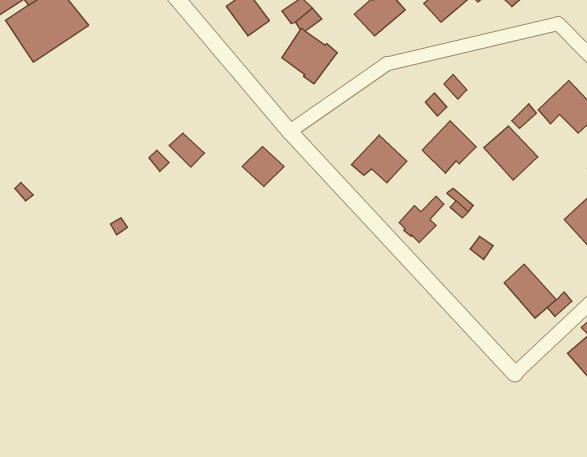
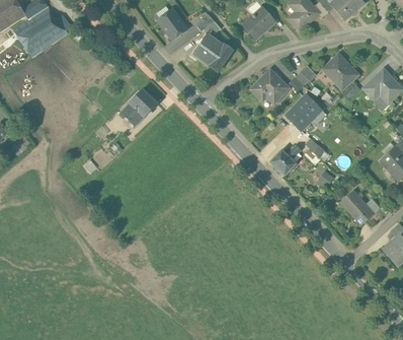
building: [484,126,538,180] -> [322,54,357,89]
building: [351,135,407,183] -> [251,70,288,101]
building: [242,147,284,187] -> [130,89,157,116]

